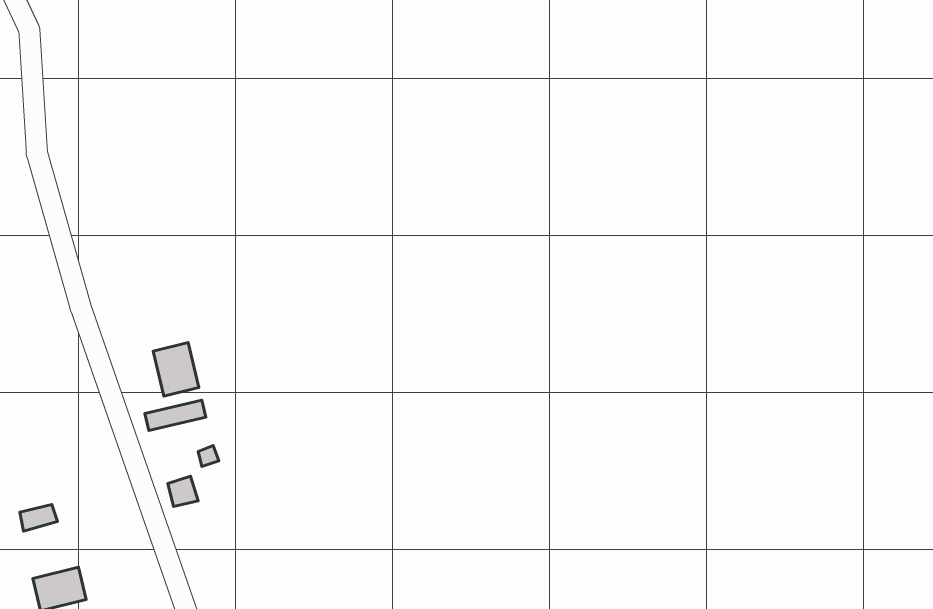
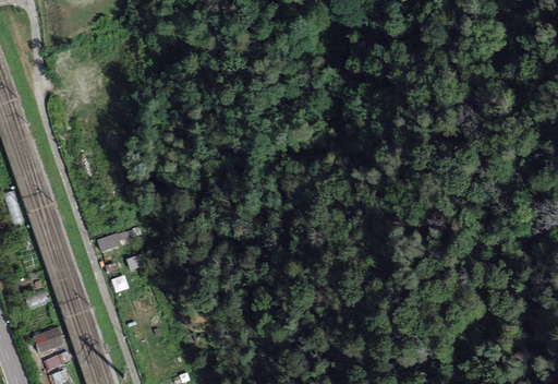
building: [153,343,199,396] -> none

